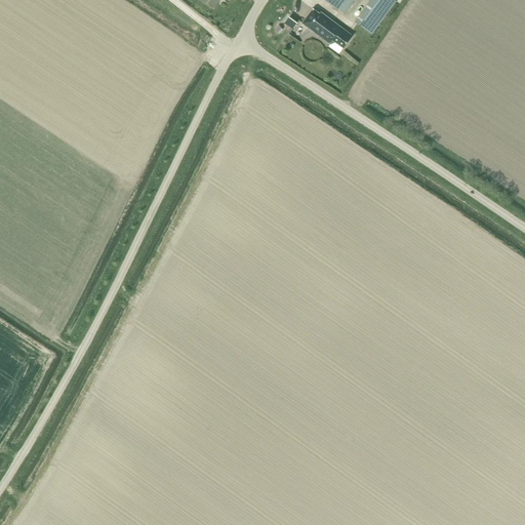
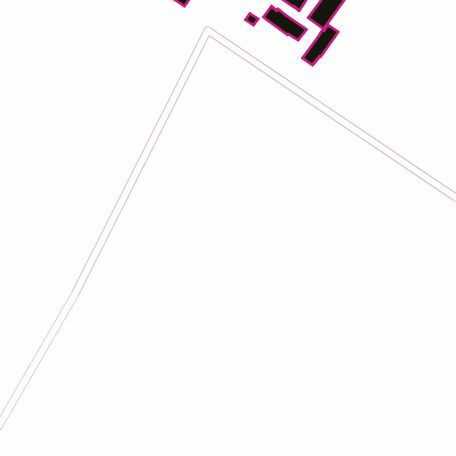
building: none -> [302,25,338,65]

